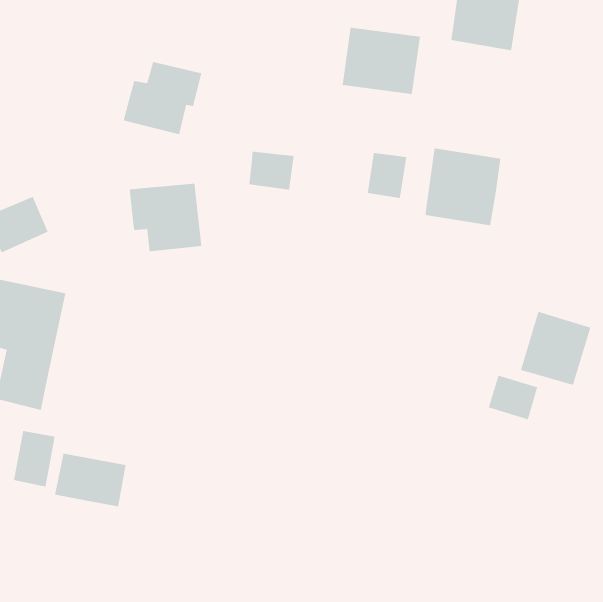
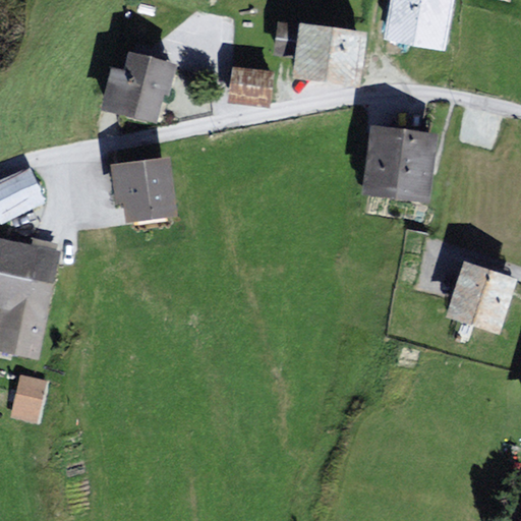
building: [248,151,294,190] -> [231,68,271,102]
building: [367,152,407,199] -> none
building: [488,375,538,420] -> none
building: [54,453,126,507] -> none

